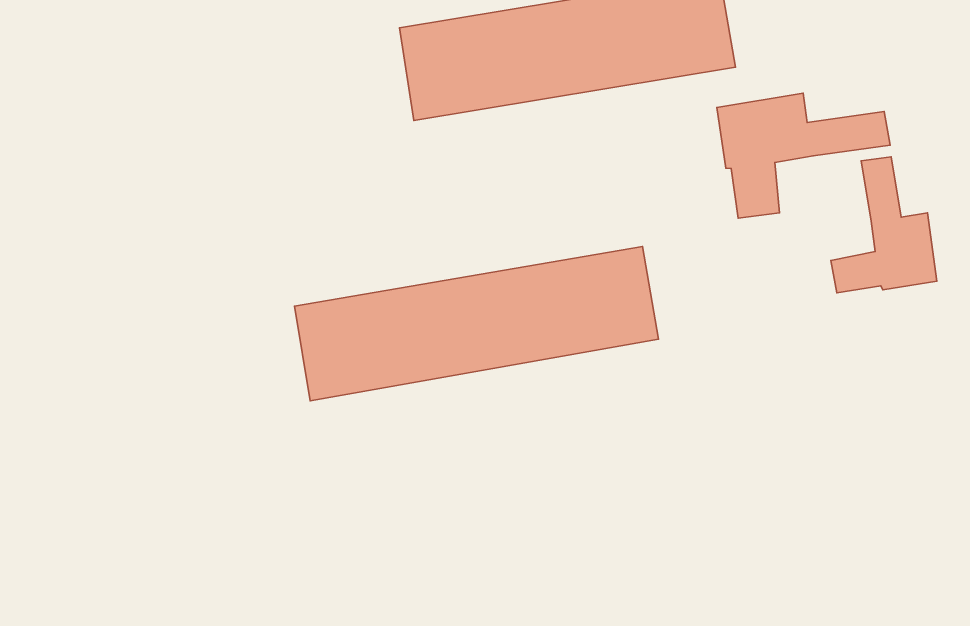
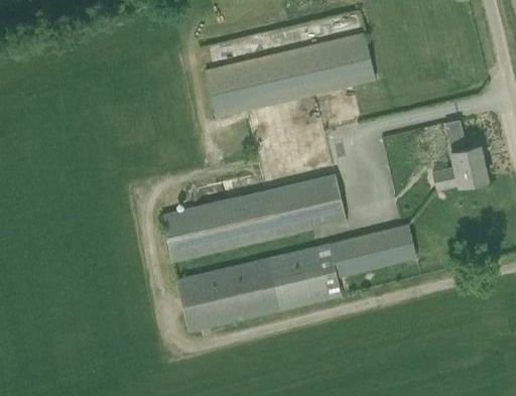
building: [717,93,890,218] -> none
building: none -> [176,225,415,333]

